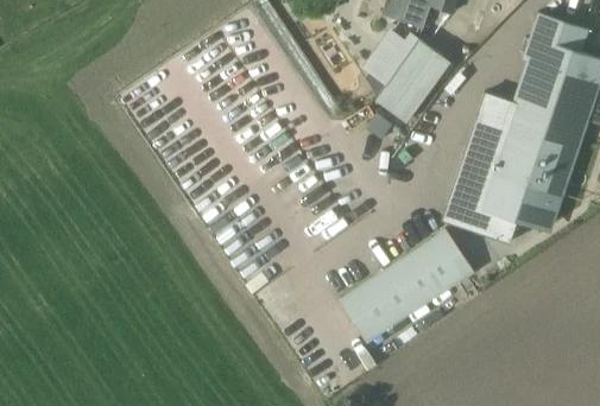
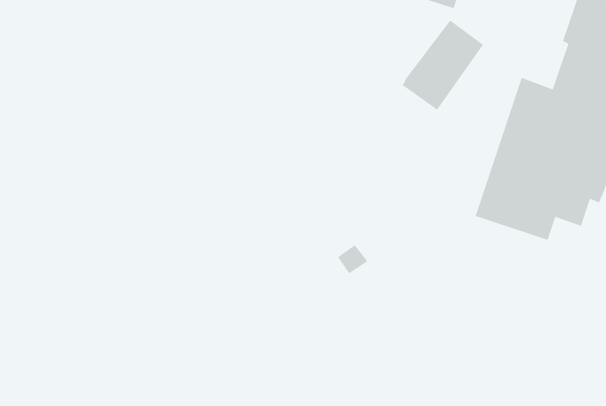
building: [362,28,418,95] -> none
building: [339,229,473,342] -> none

